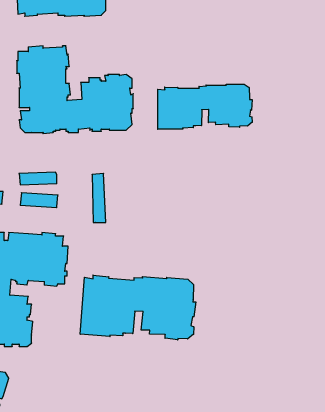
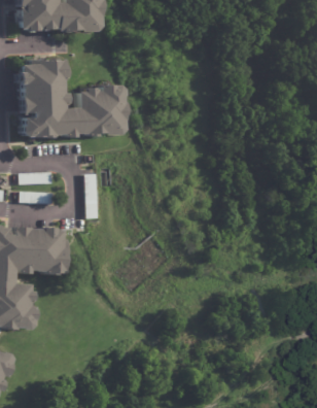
building: [158,84,252,129] -> none
building: [80,275,196,340] -> none

